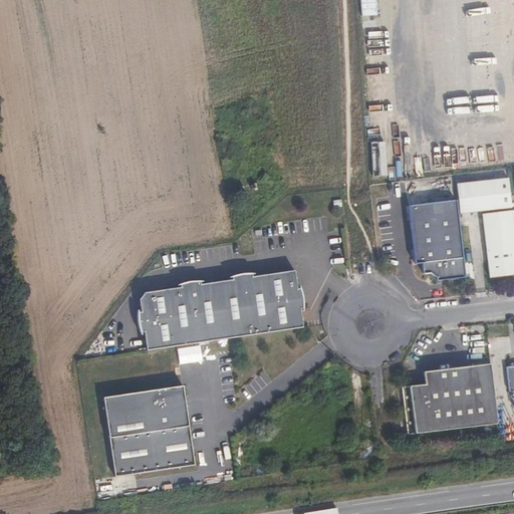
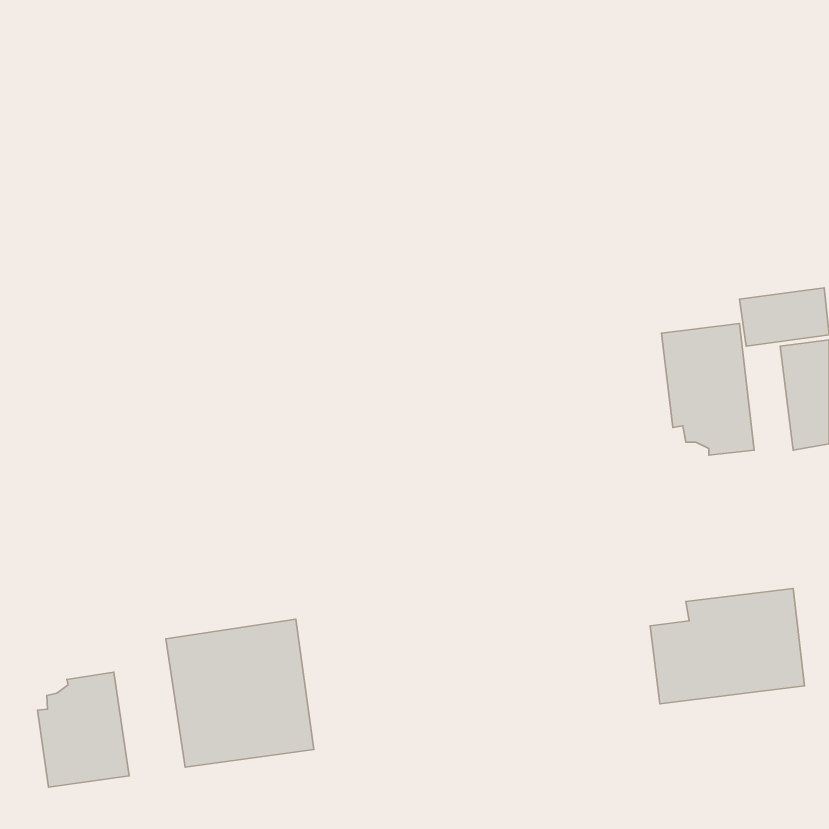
building: [138,270,303,349] -> none
building: none -> [37,672,129,787]

